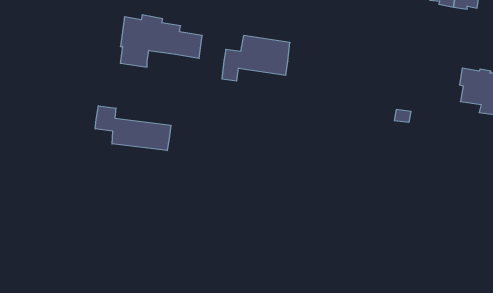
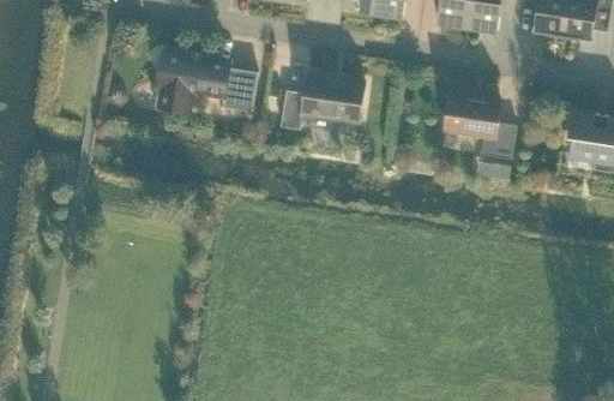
building: none -> [443,97,514,162]
building: [95,106,171,151] -> none

